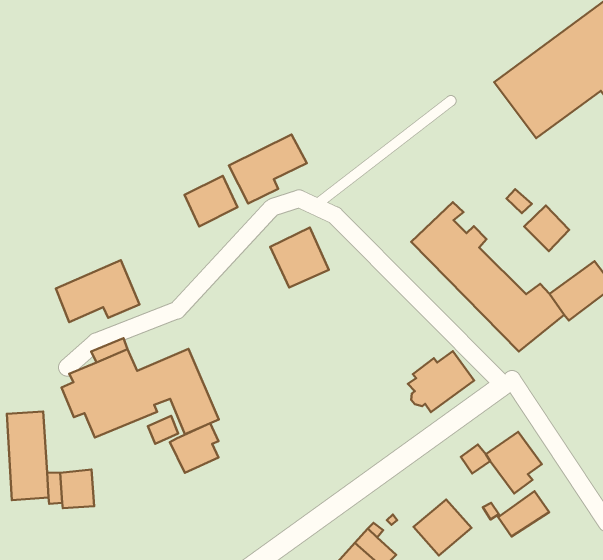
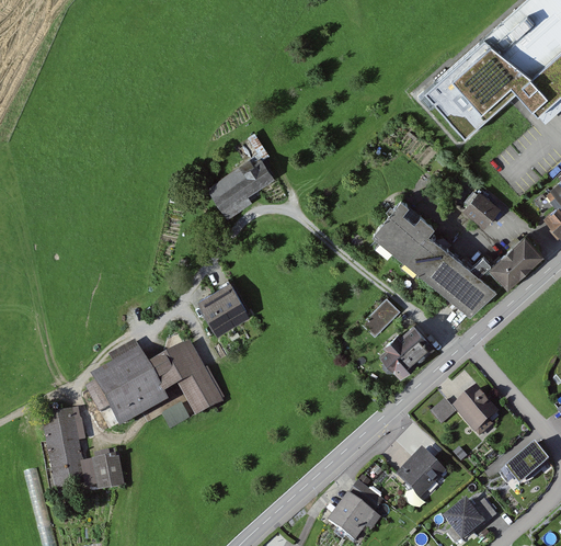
building: [185,176,237,226] -> none
building: [270,228,329,288] -> [198,282,250,334]
building: [56,260,139,322] -> none
building: none -> [362,297,401,335]
building: [170,423,219,473] -> none
building: [498,491,549,537] -> [506,444,549,485]

